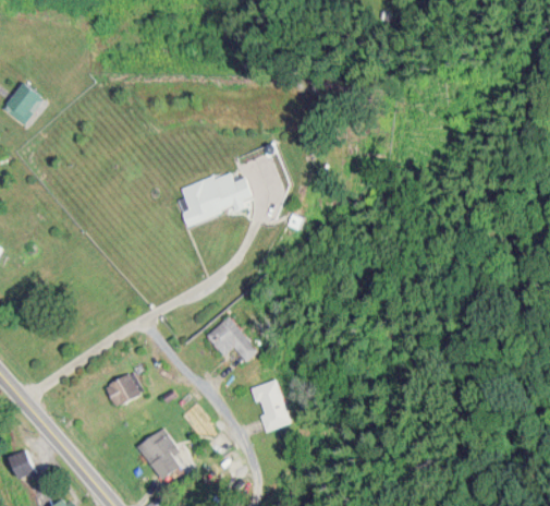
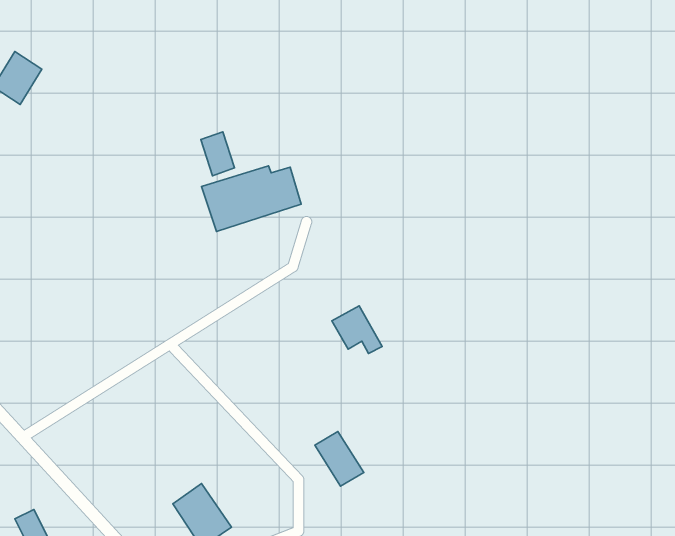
building: none -> [201,132,235,176]
building: [206,321,246,359] -> [332,306,382,353]
building: [108,373,144,408] -> none

